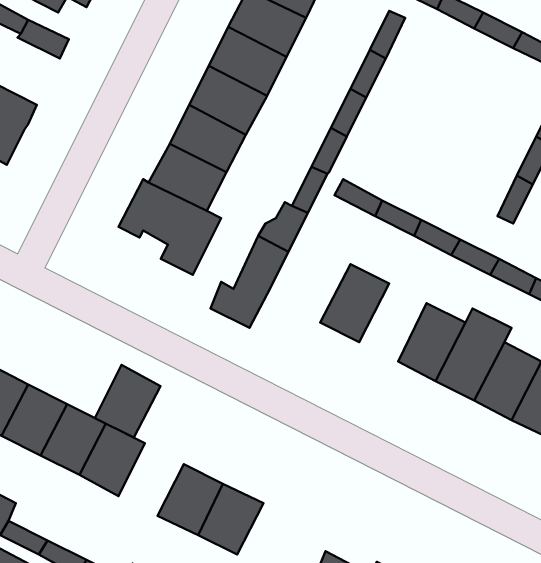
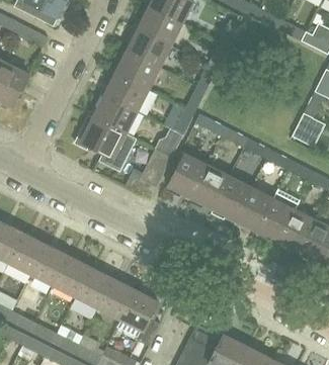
building: none -> [168,153,208,197]
building: none -> [213,175,251,219]
building: [95,365,160,438] -> [75,266,112,307]

